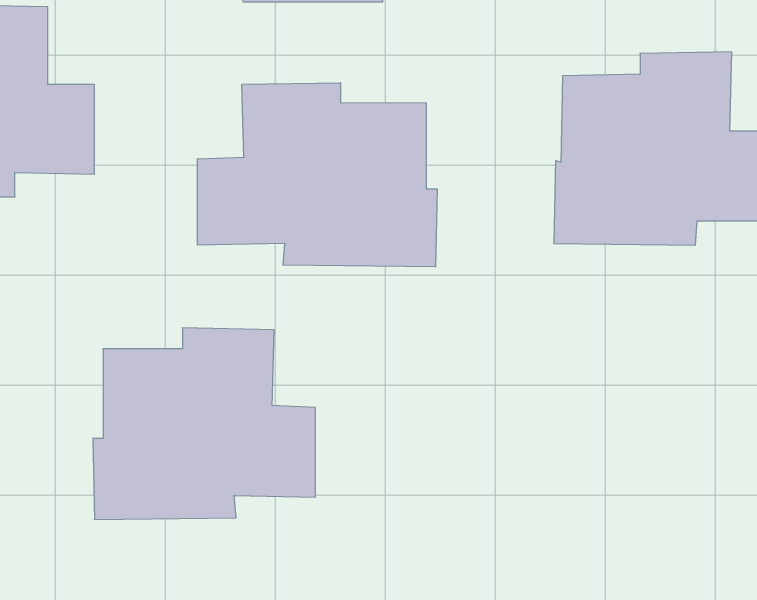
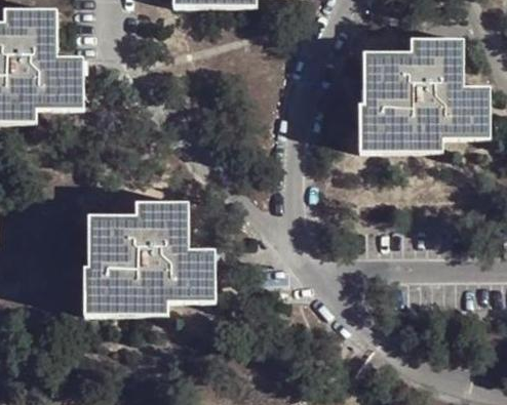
building: [197,83,437,267] -> none

